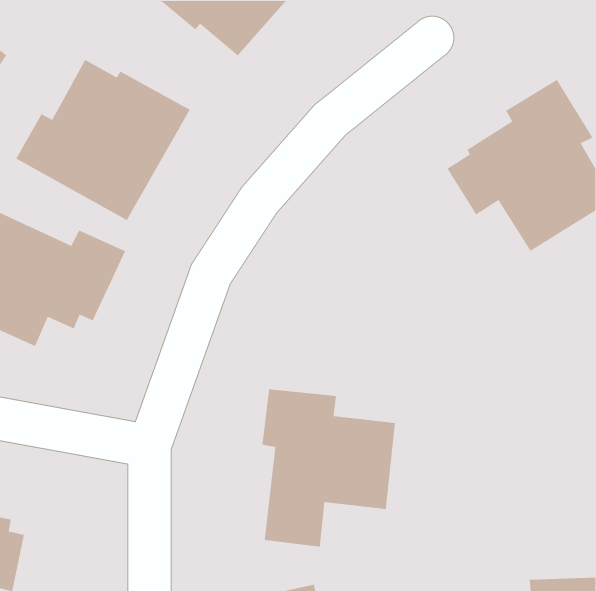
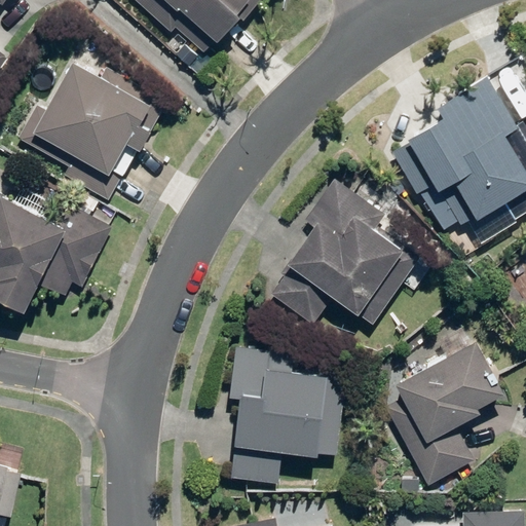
building: none -> [266,181,419,331]
building: none -> [383,337,510,486]

